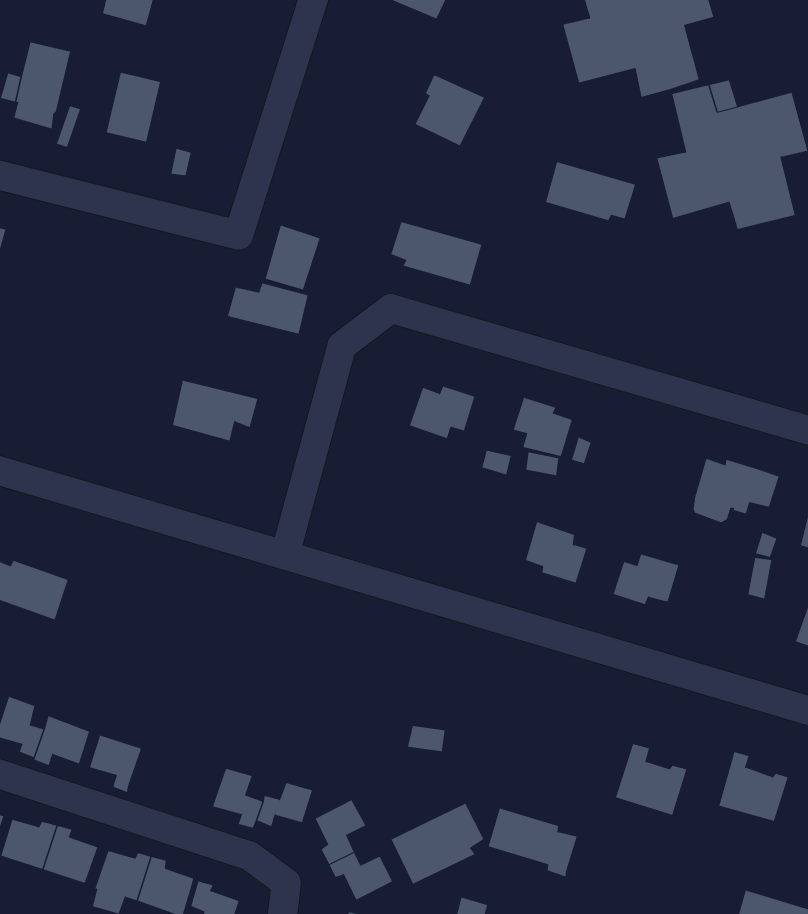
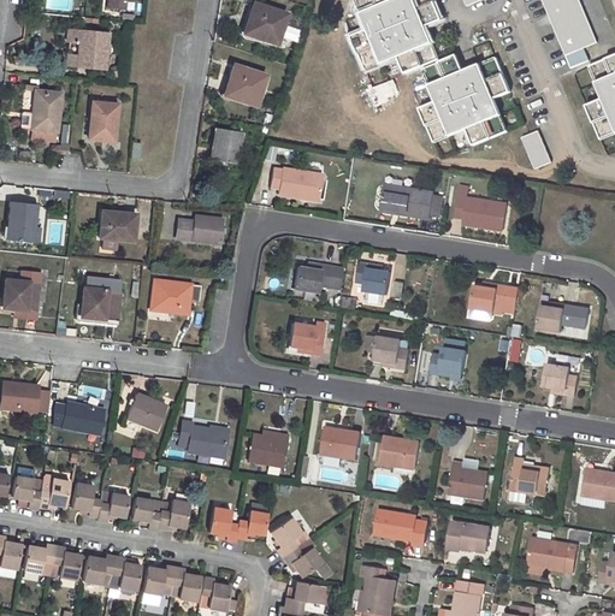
building: [415,74,485,146] -> [226,64,266,105]
building: [545,162,636,221] -> [382,184,434,215]
building: [265,225,321,290] -> [211,125,241,162]
building: none -> [99,211,135,239]
building: none -> [455,183,508,229]
building: none -> [79,285,119,324]
building: none -> [289,320,326,355]
building: none -> [126,392,165,428]
building: none -> [179,421,226,457]
building: none -> [247,431,289,466]
building: none -> [320,427,362,458]
building: none -> [379,434,420,467]
building: none -> [155,502,189,529]
building: [391,803,484,885] -> none
building: none -> [450,521,491,551]

